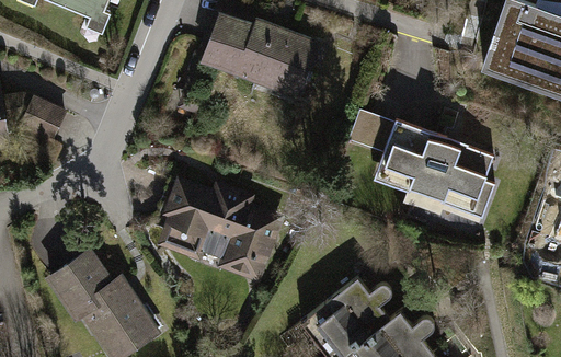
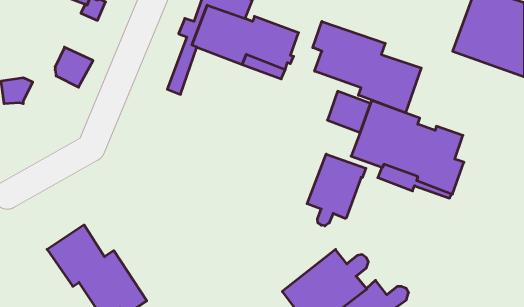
building: none -> [313,21,421,113]
building: [25,99,66,141] -> [55,47,93,87]
building: none -> [307,154,366,226]
building: [170,183,275,275] -> none

